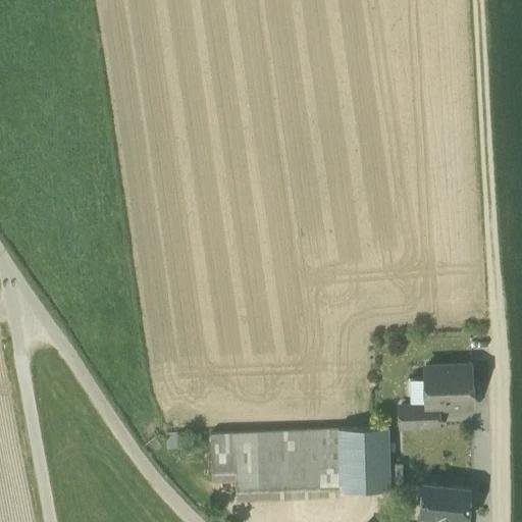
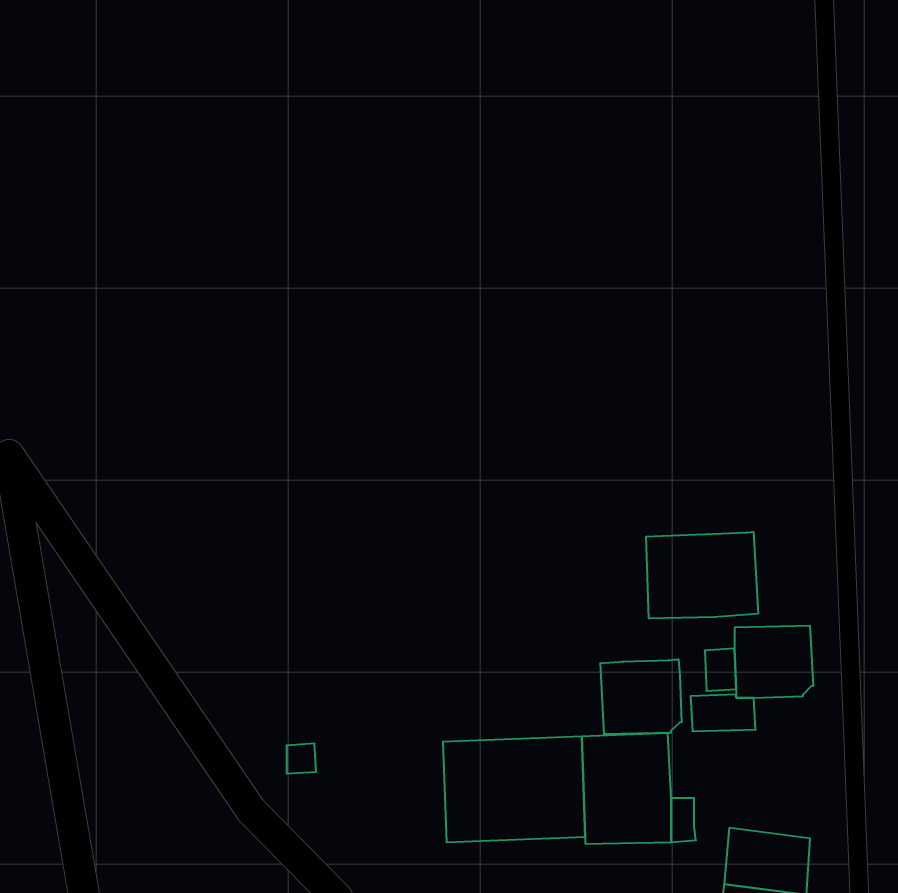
building: none -> [646,532,758,619]
building: none -> [600,659,682,734]
building: [210,433,259,492] -> none

